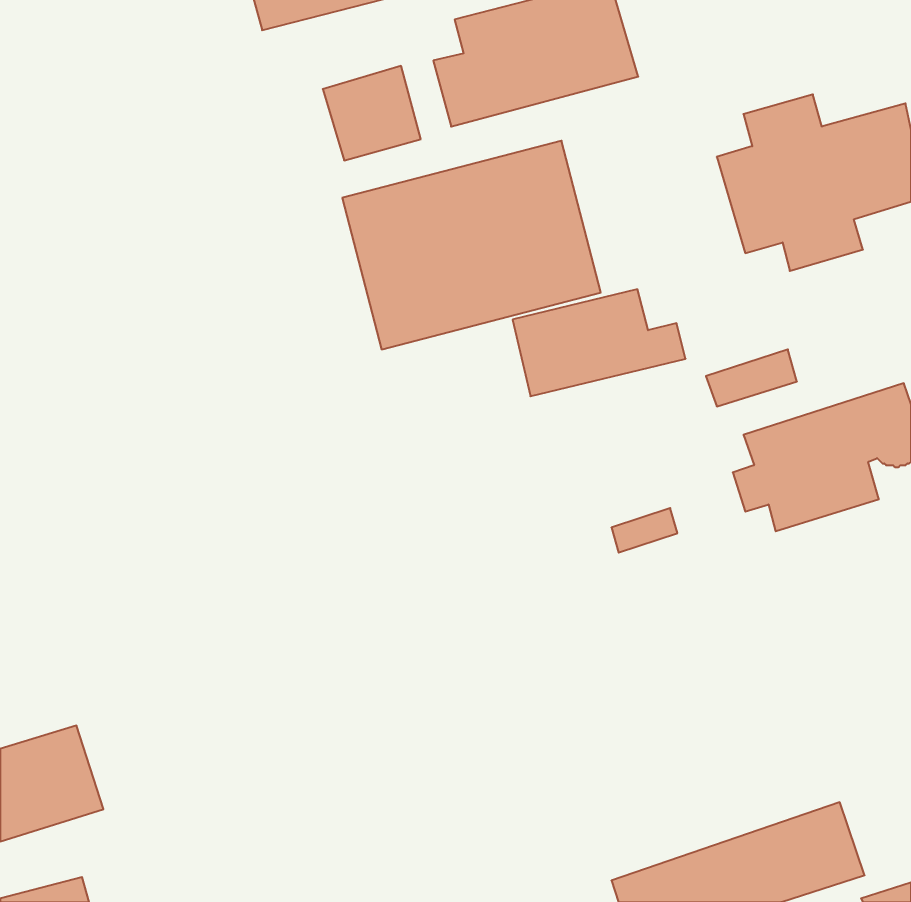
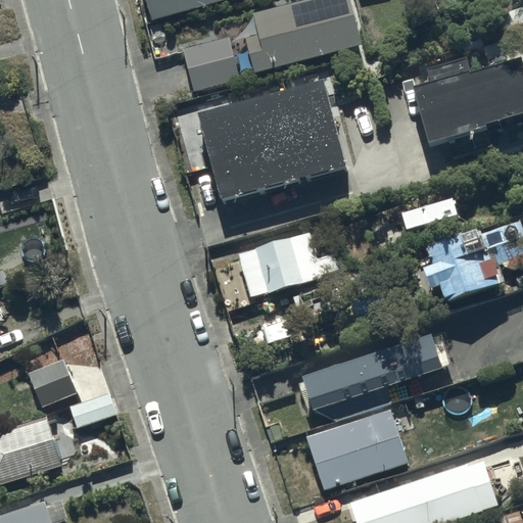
building: [513,289,686,396] -> [239,234,338,295]
building: none -> [302,340,441,419]
building: none -> [27,359,118,426]
building: none -> [305,409,407,489]

